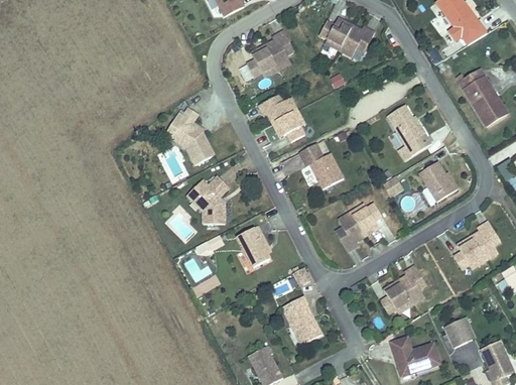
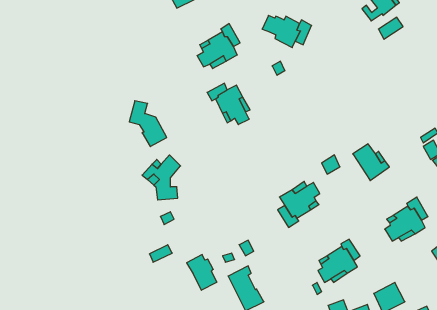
building: [458,63,505,120] -> none
building: [388,108,427,154] -> none
building: [302,142,345,186] -> none
building: [237,228,270,267] -> [187,255,217,290]

